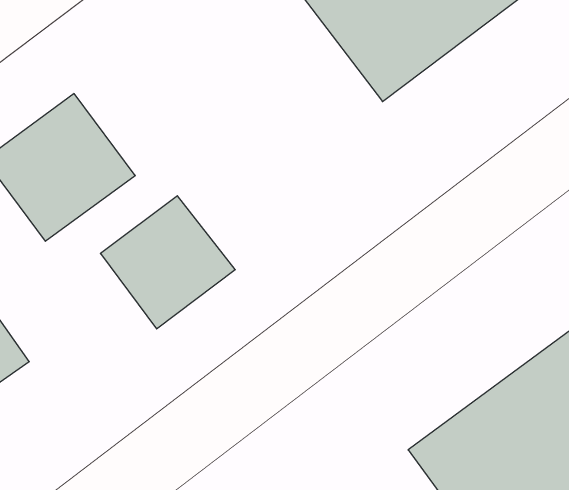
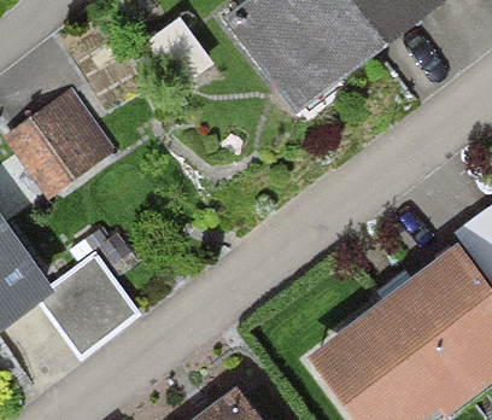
building: [100,196,235,329] -> [39,256,140,356]

